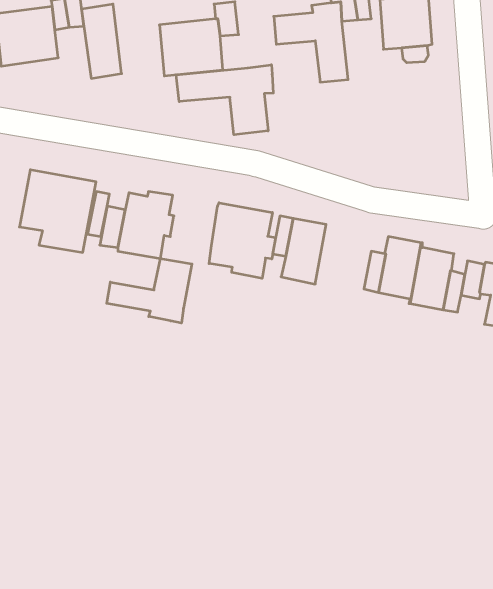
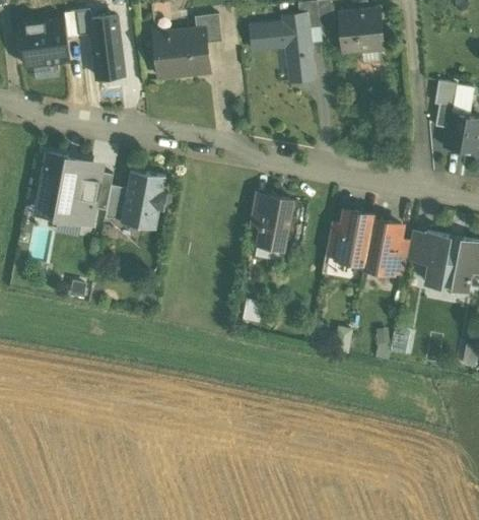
building: [176,65,273,135] -> none
building: [209,203,275,278] -> none
building: [107,259,192,323] -> none

